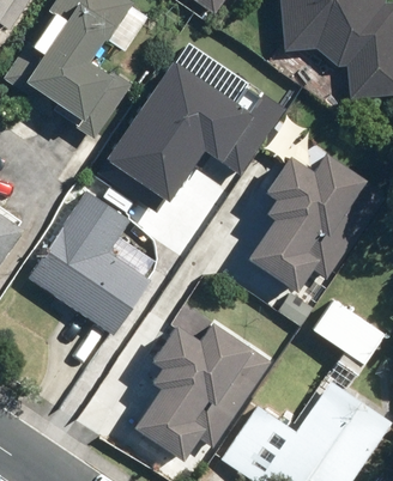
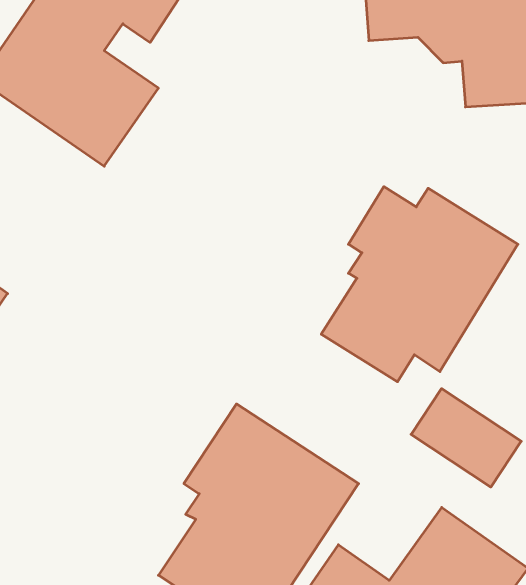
building: [108,61,288,200] -> none
building: [28,189,150,336] -> none

